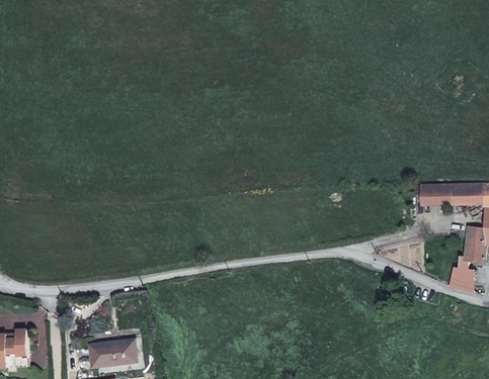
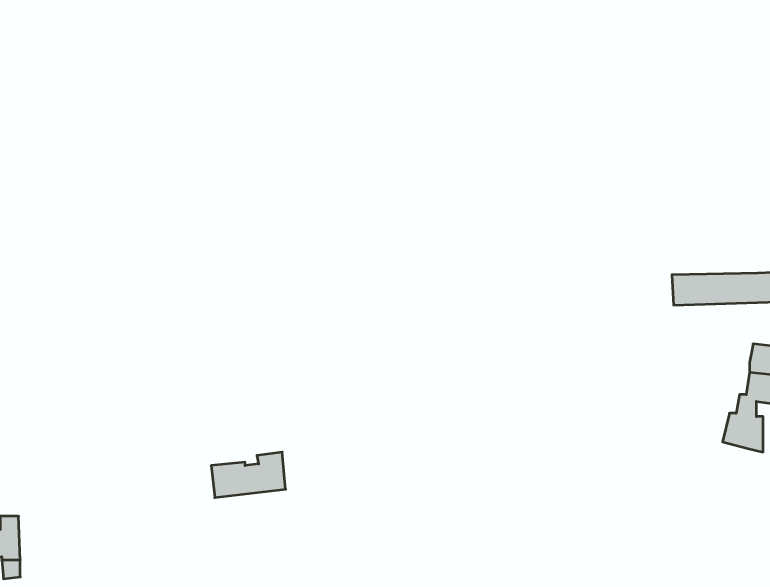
building: [90,340,135,367] -> [211,452,286,498]

